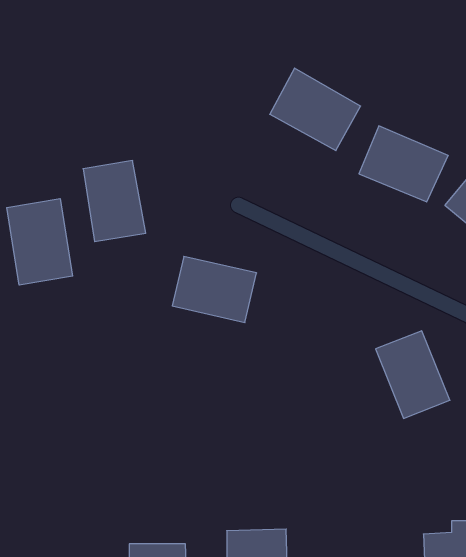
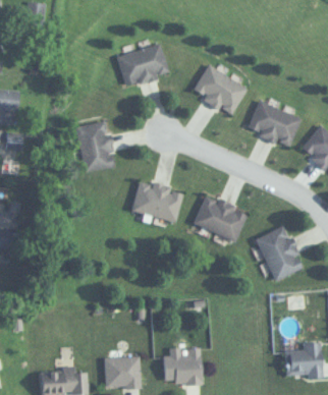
building: none -> [117,44,169,87]
building: [7,199,73,285] -> none
building: none -> [193,194,248,240]

